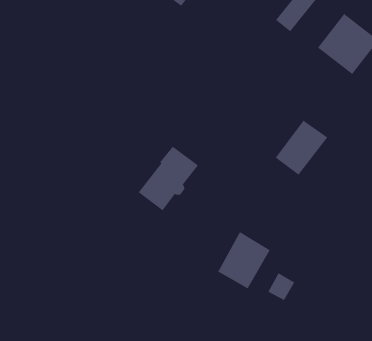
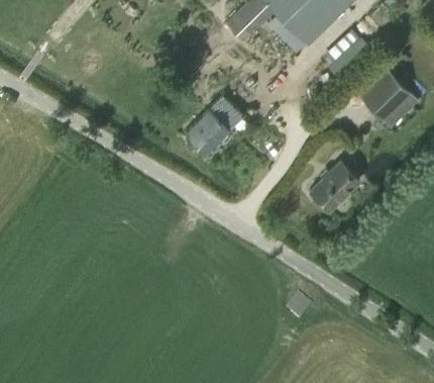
building: [138,146,199,211] -> [184,98,242,156]
building: [218,231,270,289] -> none

